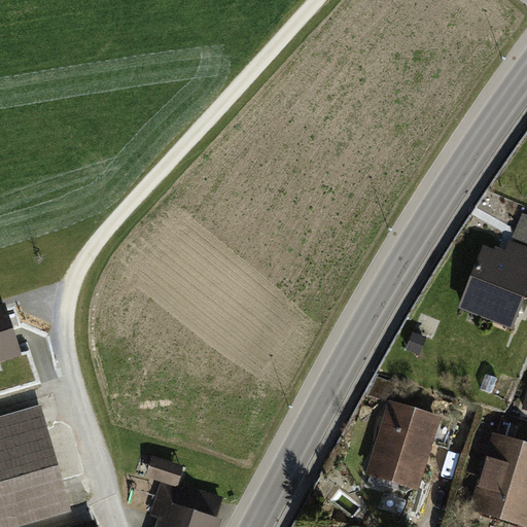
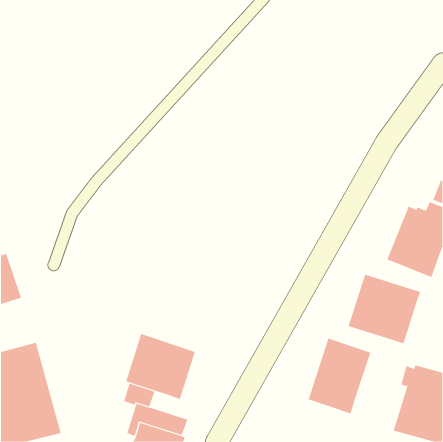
building: none -> [348,274,421,344]
building: none -> [125,333,196,400]

